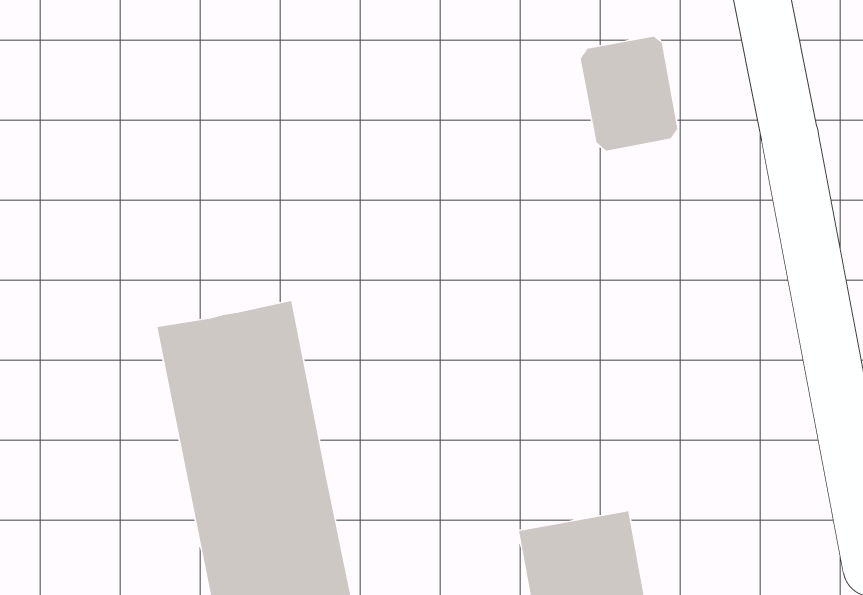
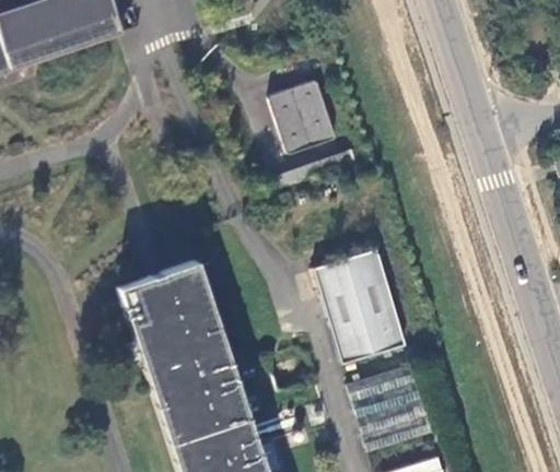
building: [580,36,678,152] -> [270,79,334,151]
building: none -> [315,247,407,362]

